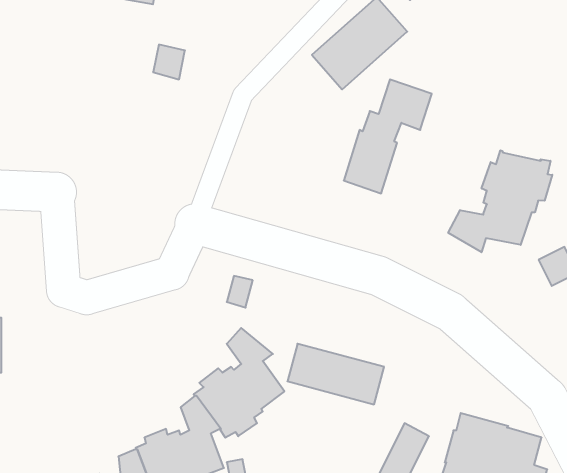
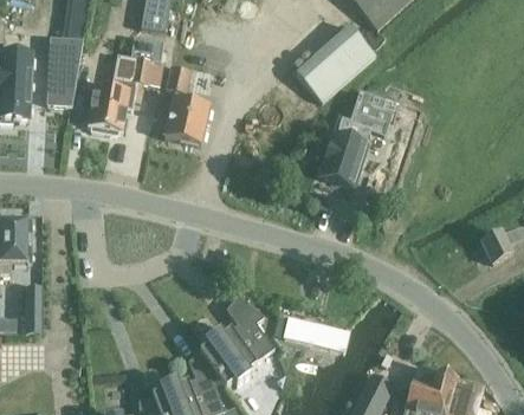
building: none -> [88,35,163,131]
building: none -> [47,37,83,104]
building: none -> [164,95,209,143]
building: [448,150,552,252] -> none

